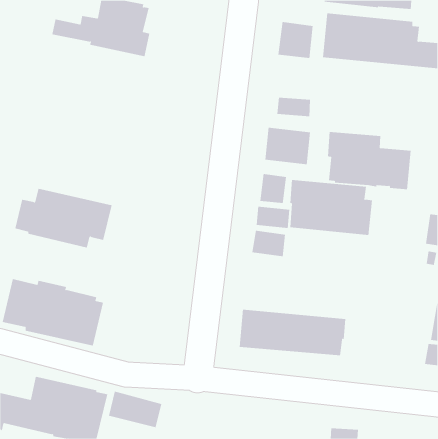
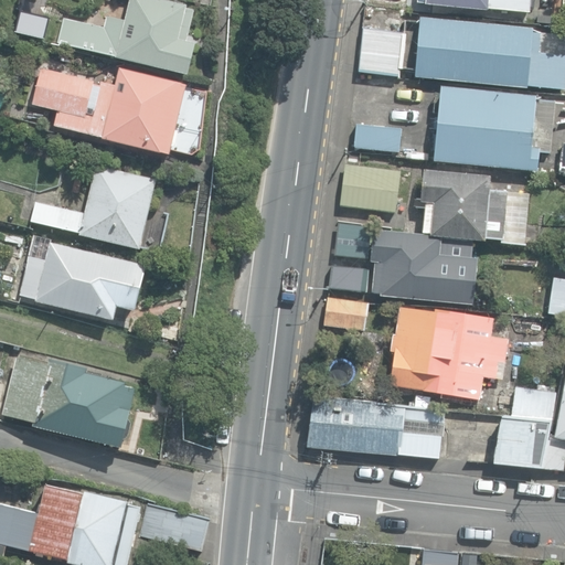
building: none -> [31,67,185,154]
building: none -> [433,85,555,170]
building: none -> [31,166,157,248]
building: none -> [388,307,508,399]
building: none -> [491,387,551,467]

